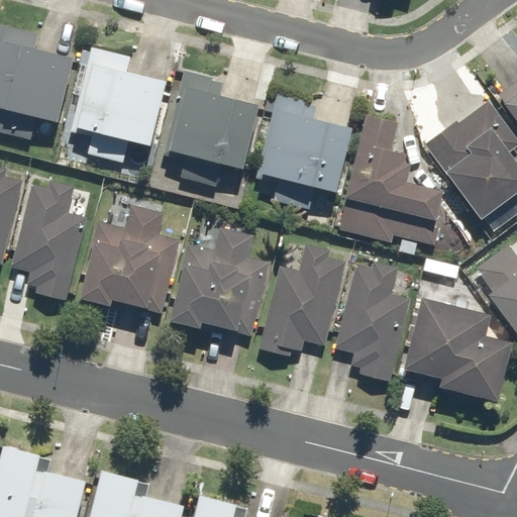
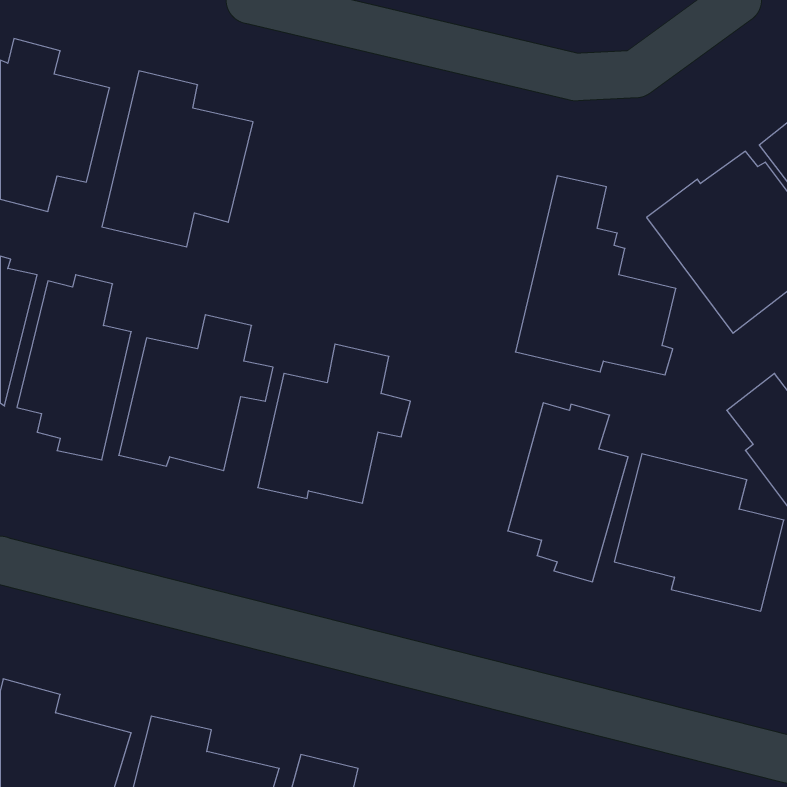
building: [167,75,258,185] -> none
building: [255,95,351,209] -> none
building: [258,245,347,356] -> none

